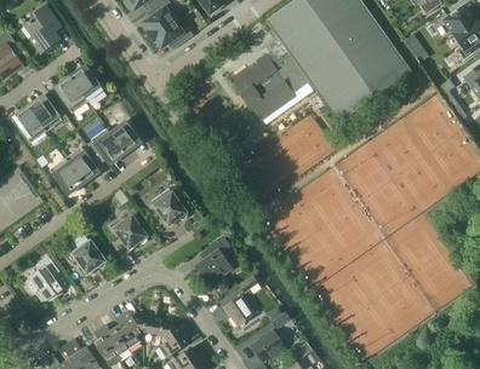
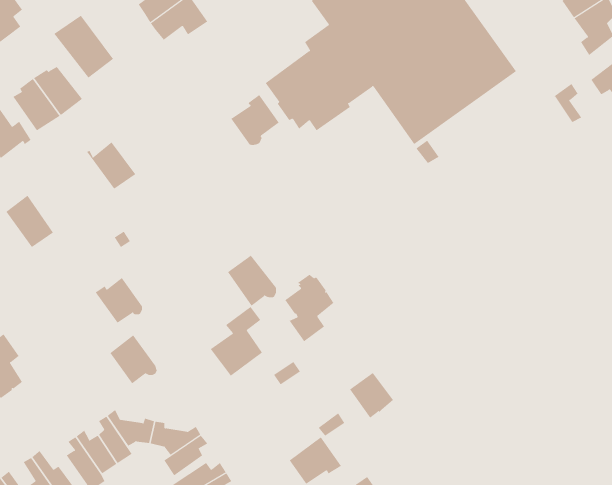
building: none -> [53,15,114,79]
building: none -> [230,94,279,146]
building: [86,127,126,163] -> none
building: [65,146,99,184] -> none
building: [152,189,187,225] -> [227,255,277,306]
building: none -> [284,274,334,342]
building: [72,238,105,273] -> [109,334,157,384]
building: [223,294,255,327] -> [349,372,394,419]

